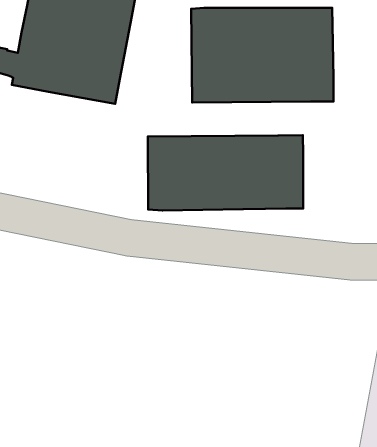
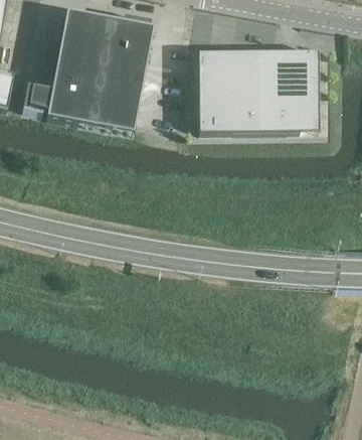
building: [148,135,303,210] -> none

